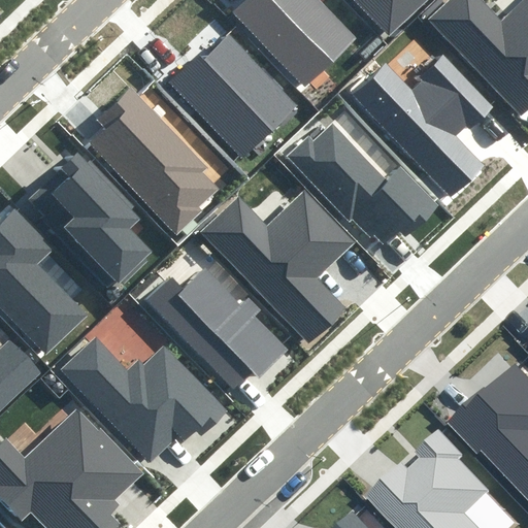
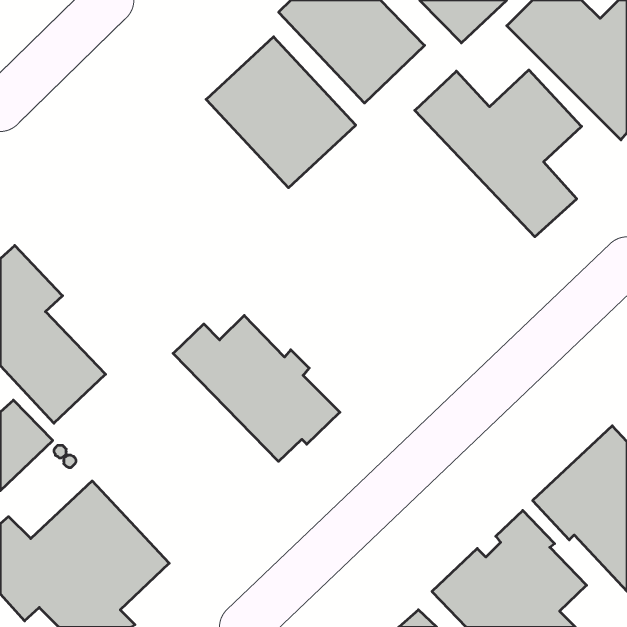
building: [88,86,220,235] -> none
building: [294,122,442,250] -> none
building: [52,151,150,284] -> none
building: [197,192,354,345] -> none
building: [62,336,229,461] -> none

